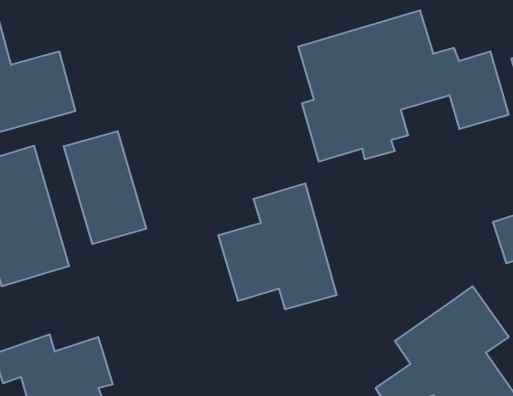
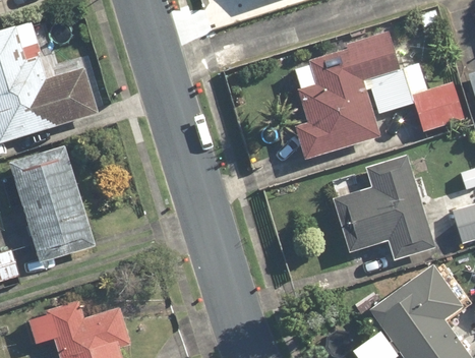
building: [64,131,146,244] -> none
building: [218,183,337,309] -> [335,154,434,259]

